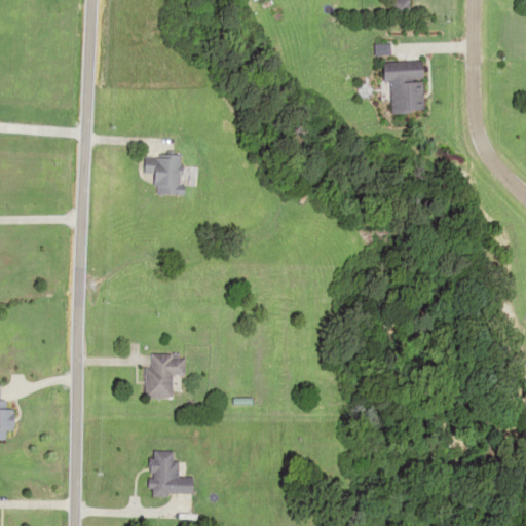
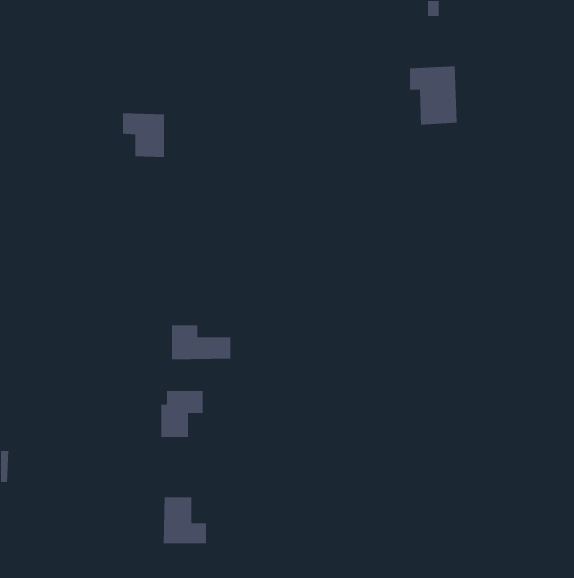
building: [143,154,182,195] -> [122,113,165,158]
building: none -> [171,325,231,360]

